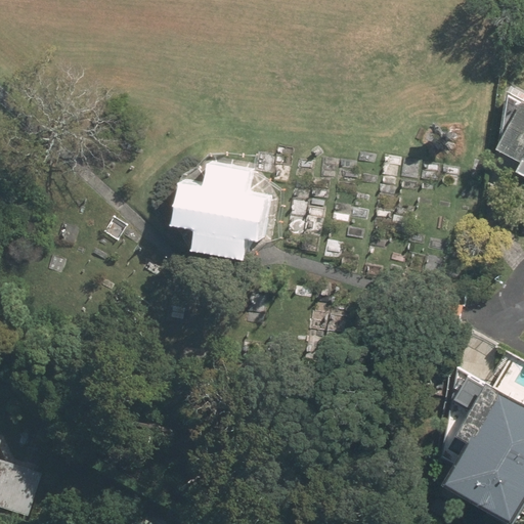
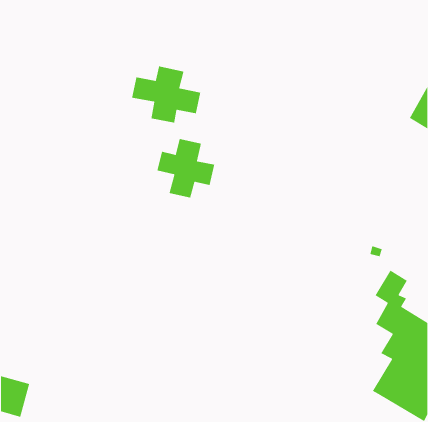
building: none -> [131,65,201,124]

